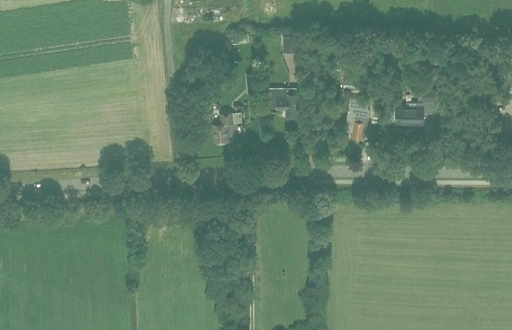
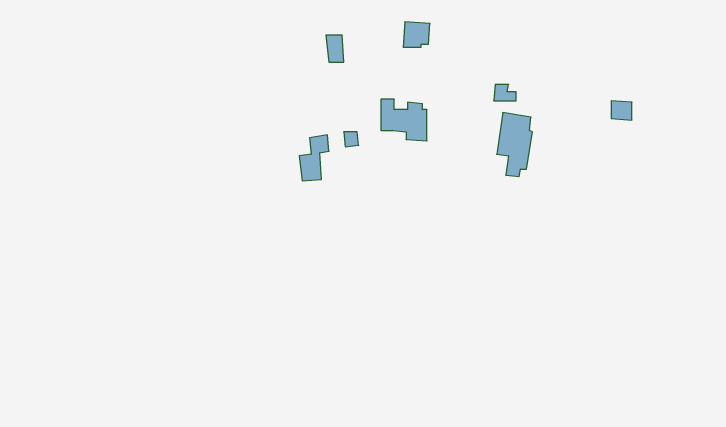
building: [397,102,425,123] -> none

